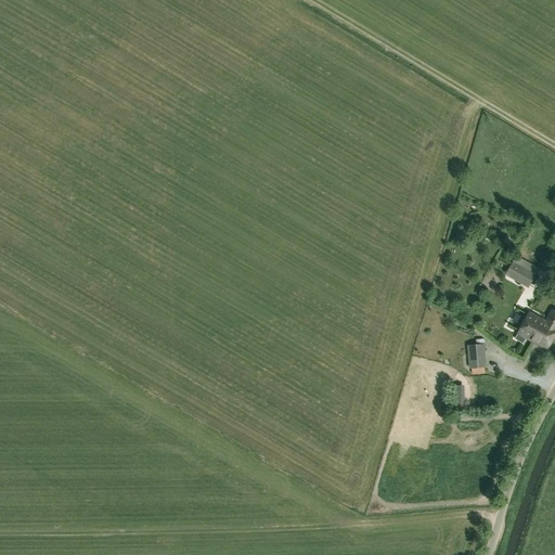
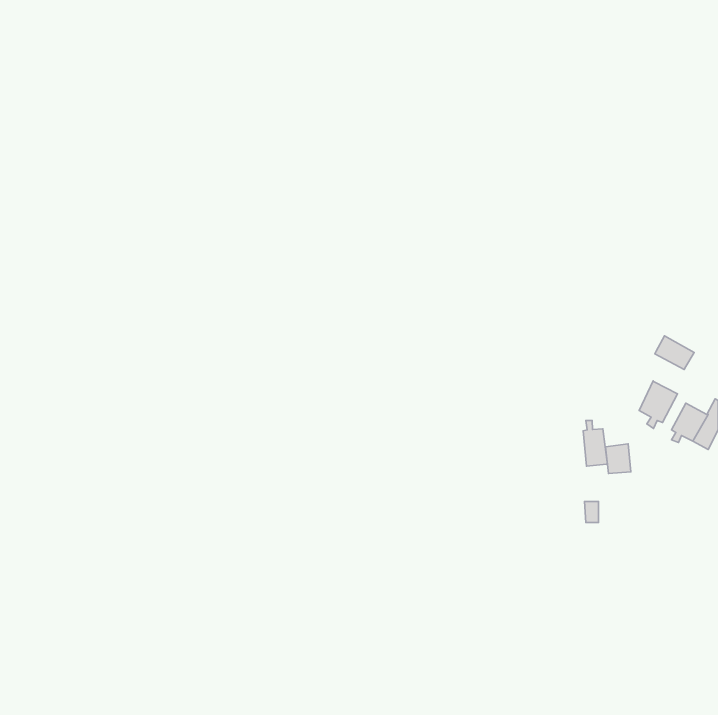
building: none -> [639,381,677,428]
building: none -> [583,420,607,466]

